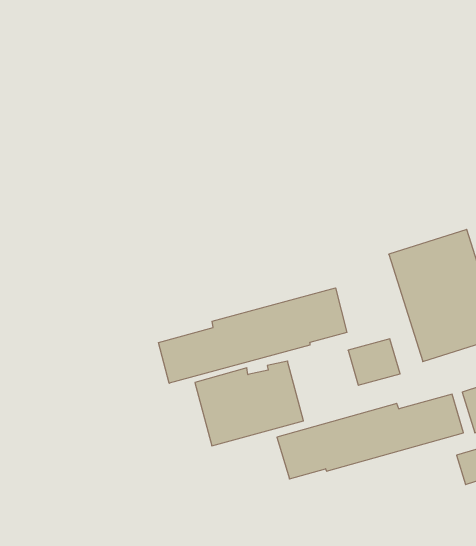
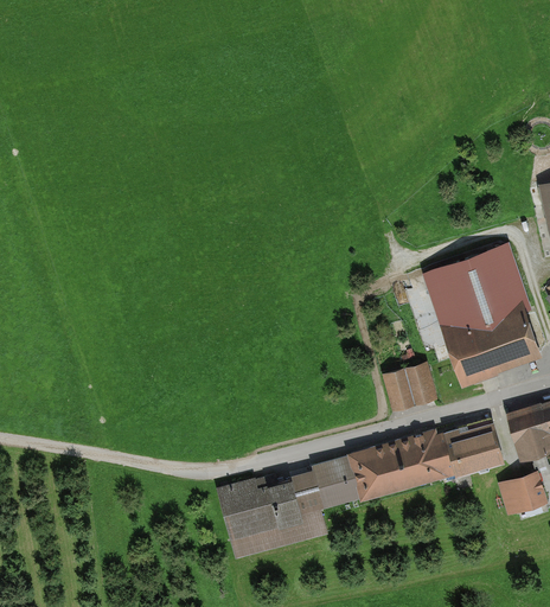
building: [159,288,347,383] -> none
building: [195,361,303,446] -> [213,469,327,558]

